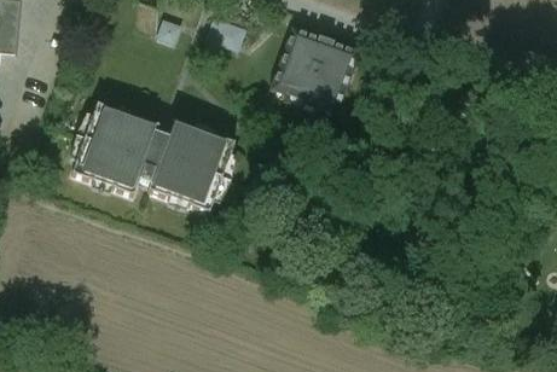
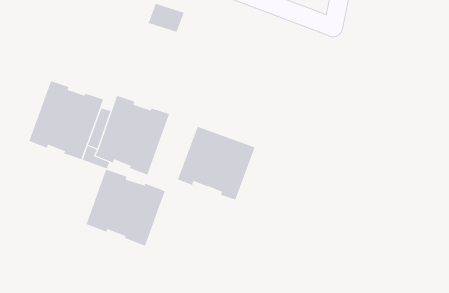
building: [267,28,358,114] -> [177,126,256,200]
building: none -> [86,169,165,247]

